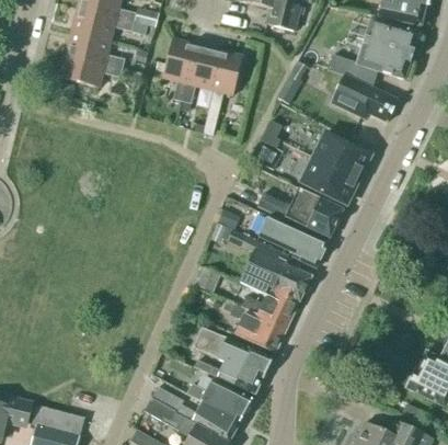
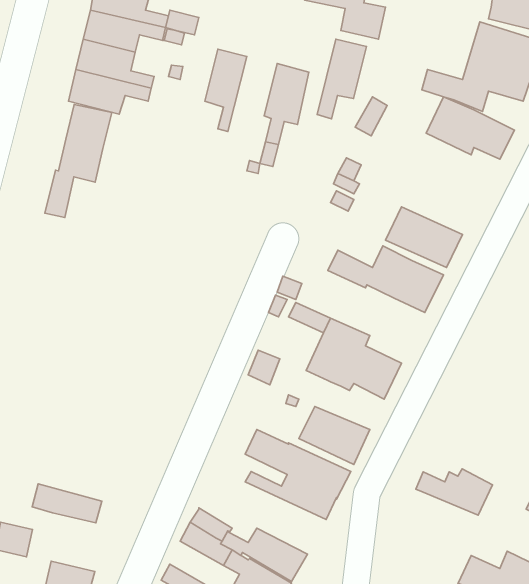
building: [180,44,217,104] -> [317,39,366,119]
building: none -> [45,104,112,217]
building: [311,133,368,179] -> none
building: [259,214,328,267] -> none
building: [240,292,298,327] -> [416,469,493,515]
building: [186,377,252,421] -> none
building: [31,404,83,434] -> [32,484,102,523]

